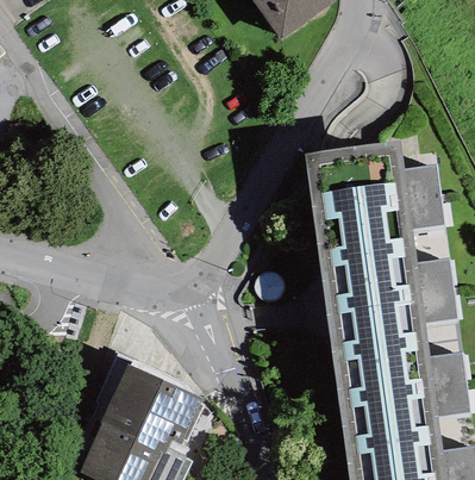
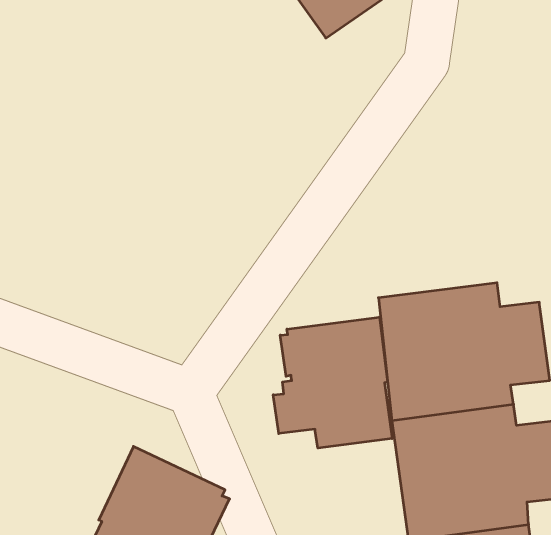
building: [306,133,445,247] -> none
building: none -> [273,317,392,448]

